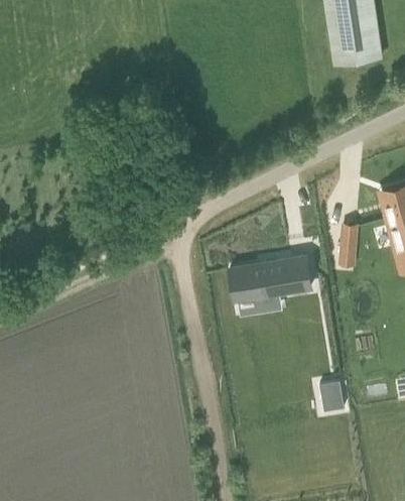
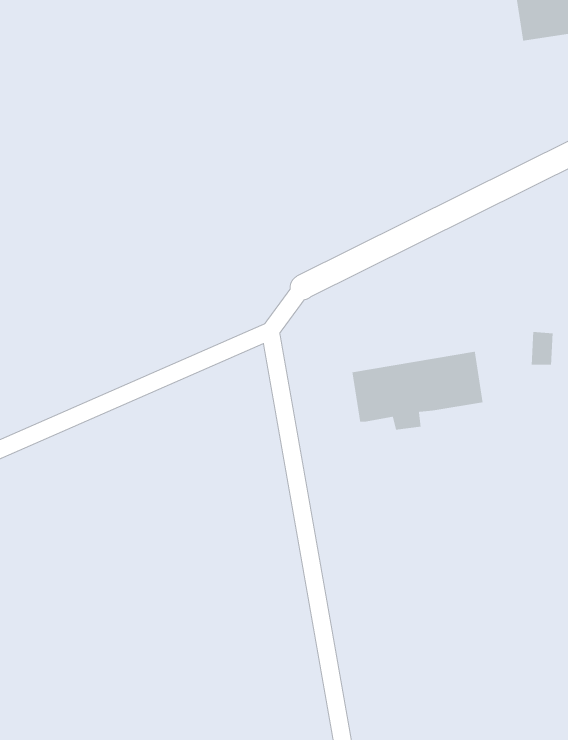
building: [319,382,344,411] -> none

